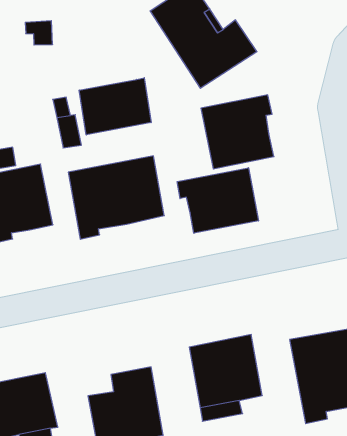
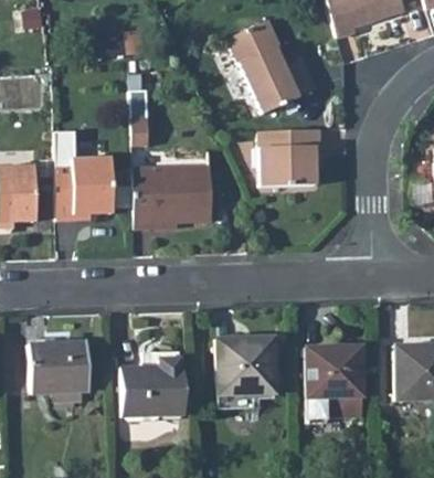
building: [79,78,151,135] -> none
building: [177,168,258,233] -> none

